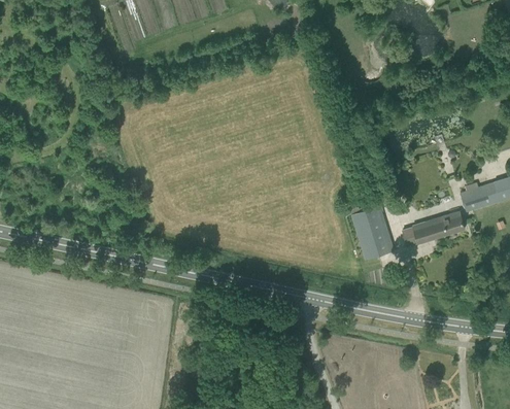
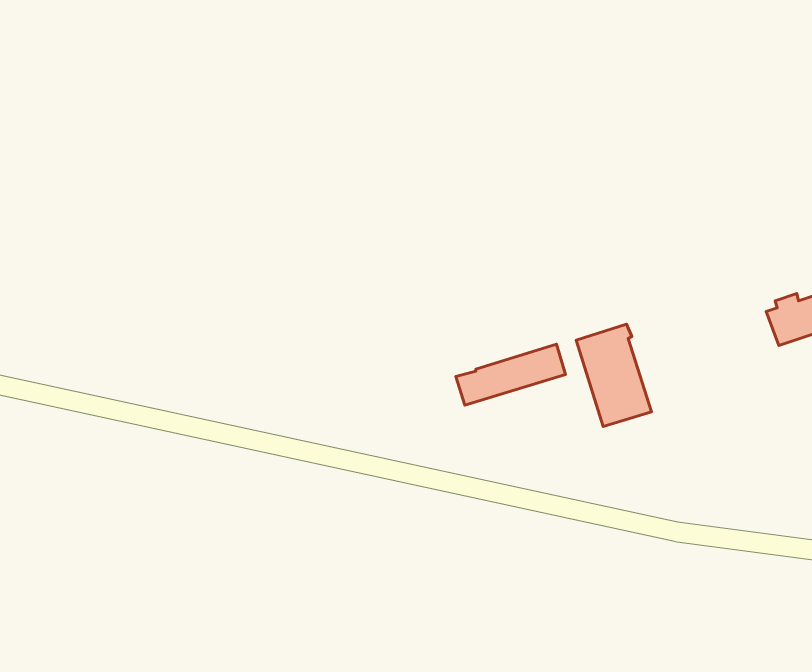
building: [401,211,464,246] -> [456,344,565,405]

